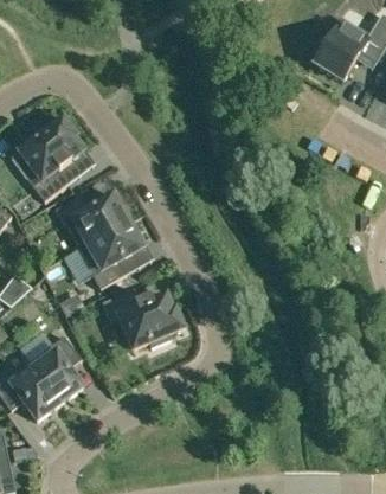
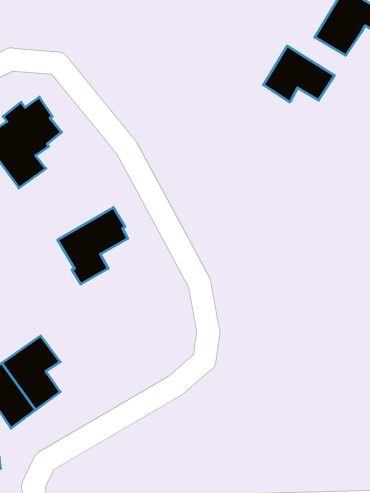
building: none -> [263,46,334,102]
building: [53,193,129,248] -> none
building: [101,288,181,349] -> none

